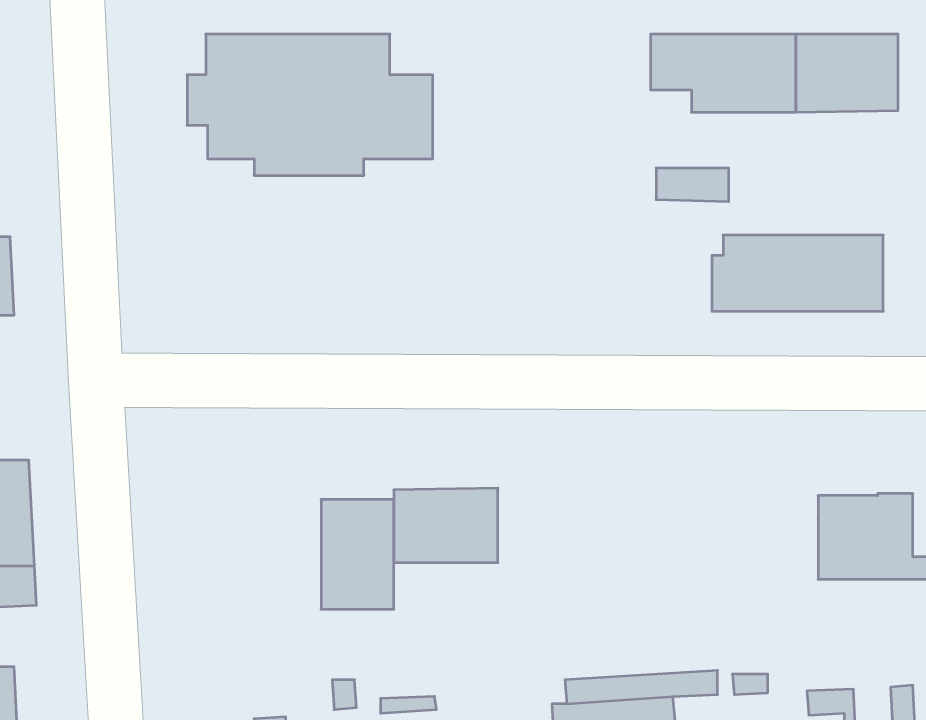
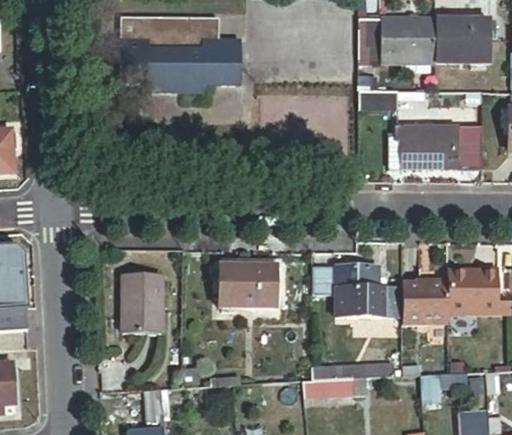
building: none -> [312,265,394,316]
building: [321,499,394,609] -> [121,275,160,334]
building: none -> [401,280,446,322]

